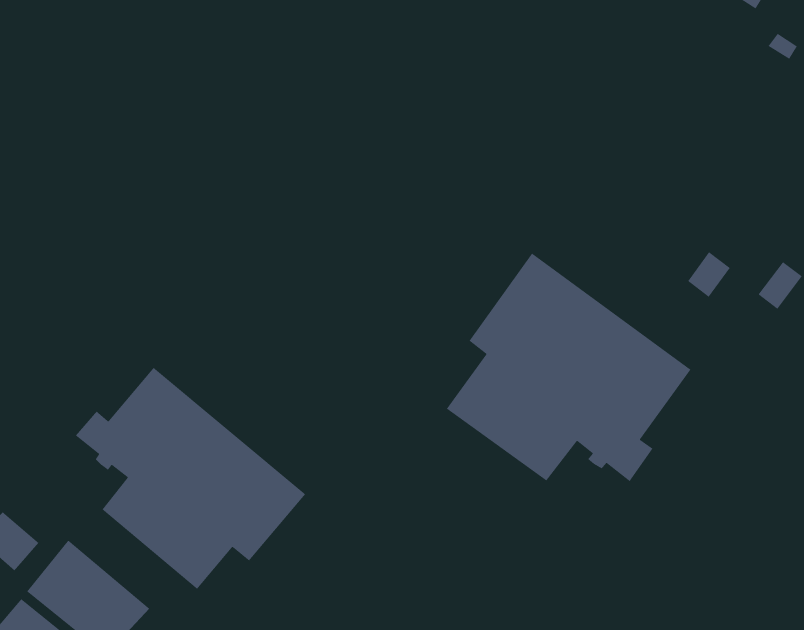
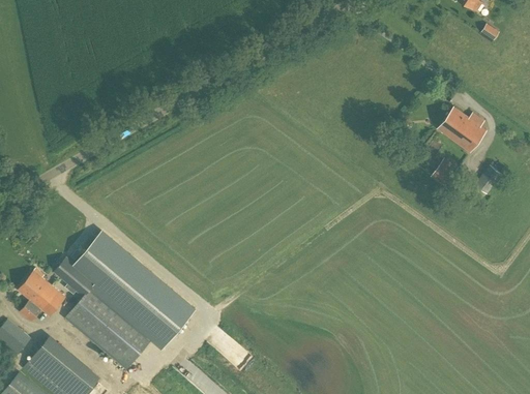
building: none -> [436,107,487,154]
building: [446,253,692,482] -> none
building: none -> [18,268,66,323]

